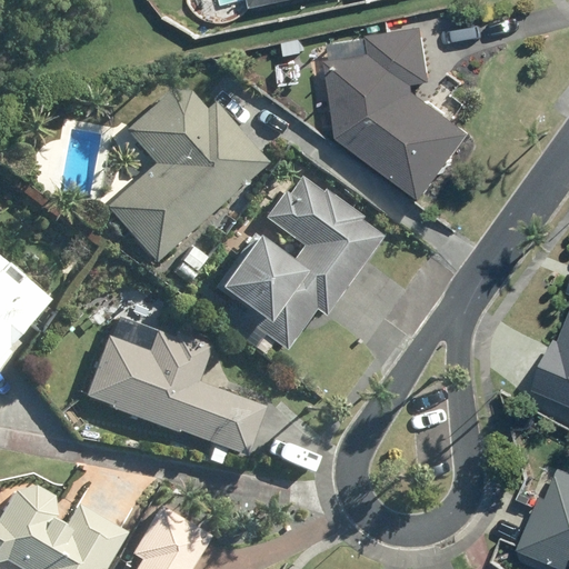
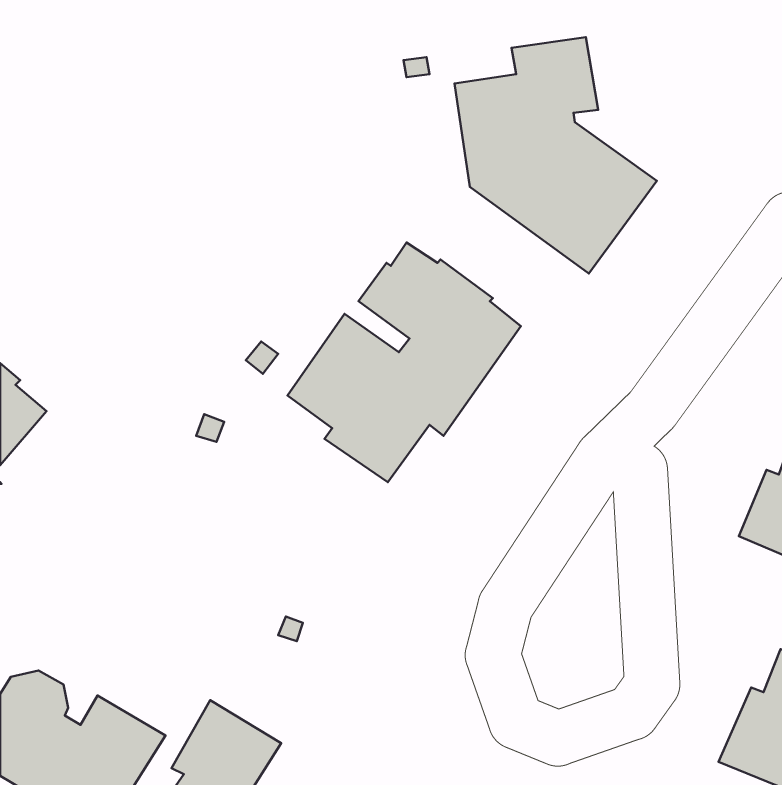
building: [102,91,267,263] -> none
building: [83,332,262,456] -> none

